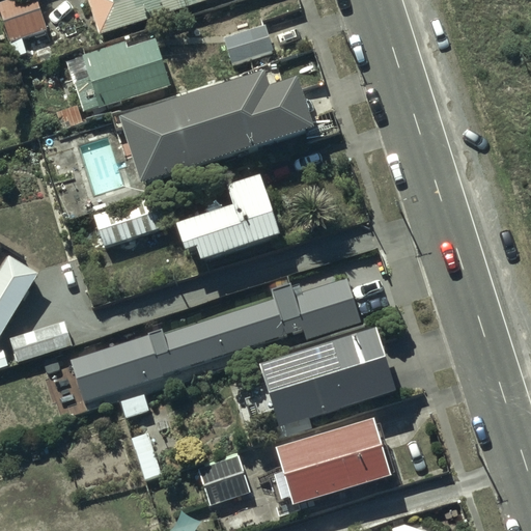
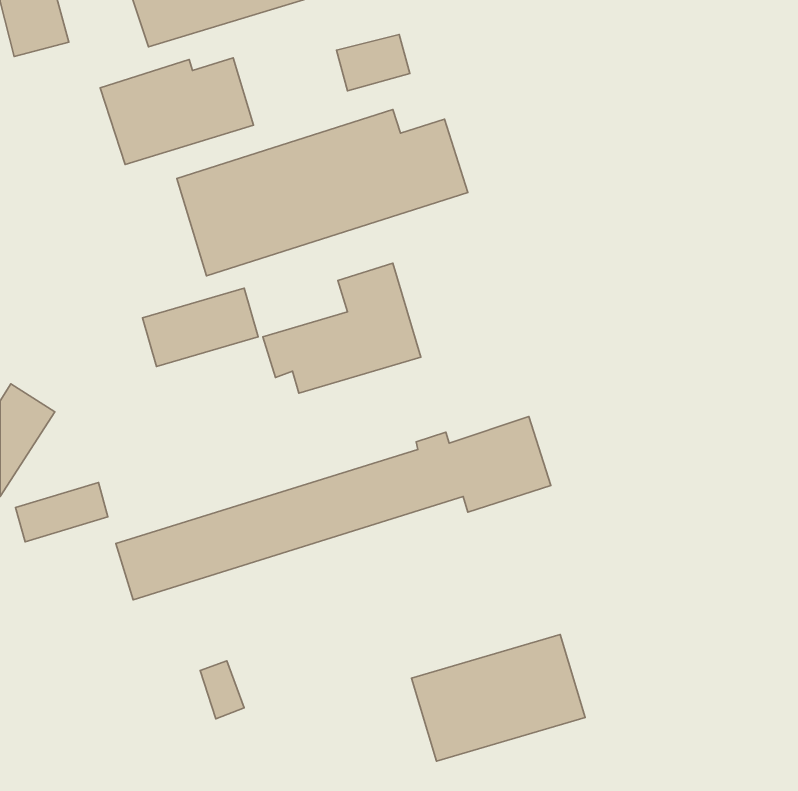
building: [258,328,394,427] -> none
building: [198,452,250,502] -> none

